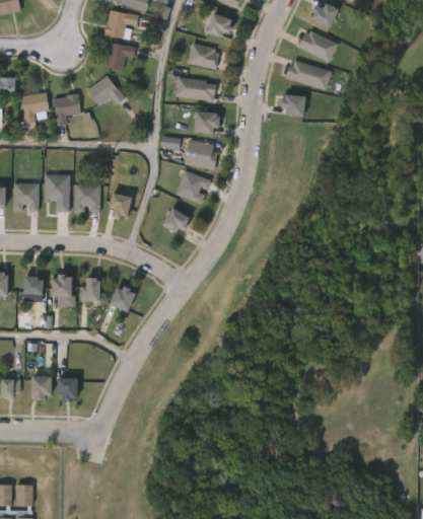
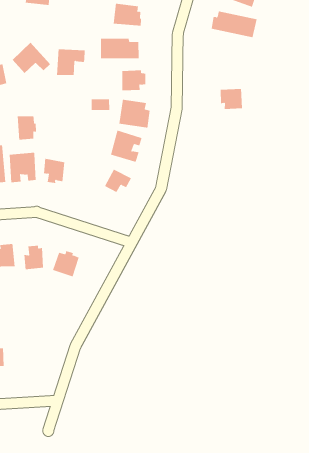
building: [104,42,136,70] -> [56,49,85,76]
building: [281,94,304,116] -> [220,88,243,109]
building: none -> [17,115,36,141]
building: [56,378,77,402] -> none

